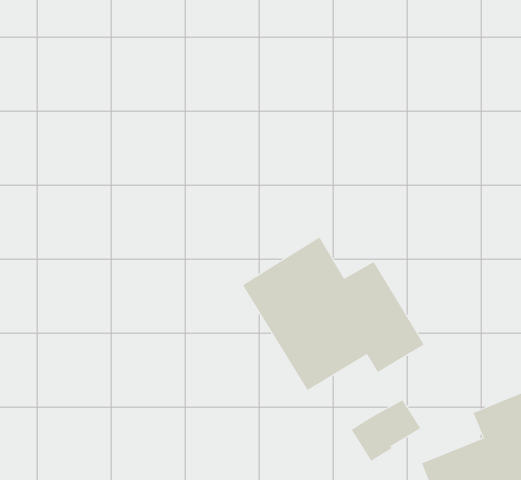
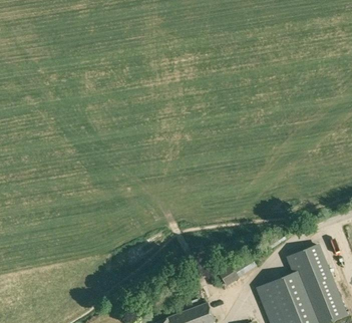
building: [242,237,424,391] -> none

